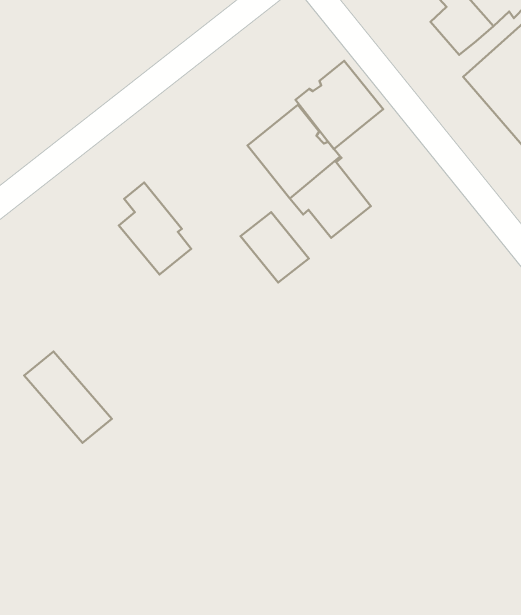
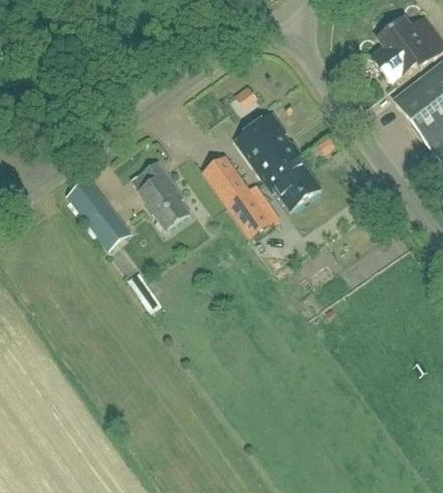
building: [295,61,383,149] -> none
building: none -> [201,155,248,204]
building: [24,352,112,443] -> [68,180,130,248]

